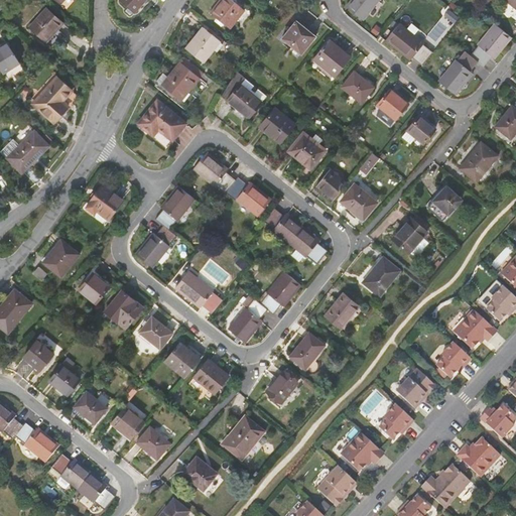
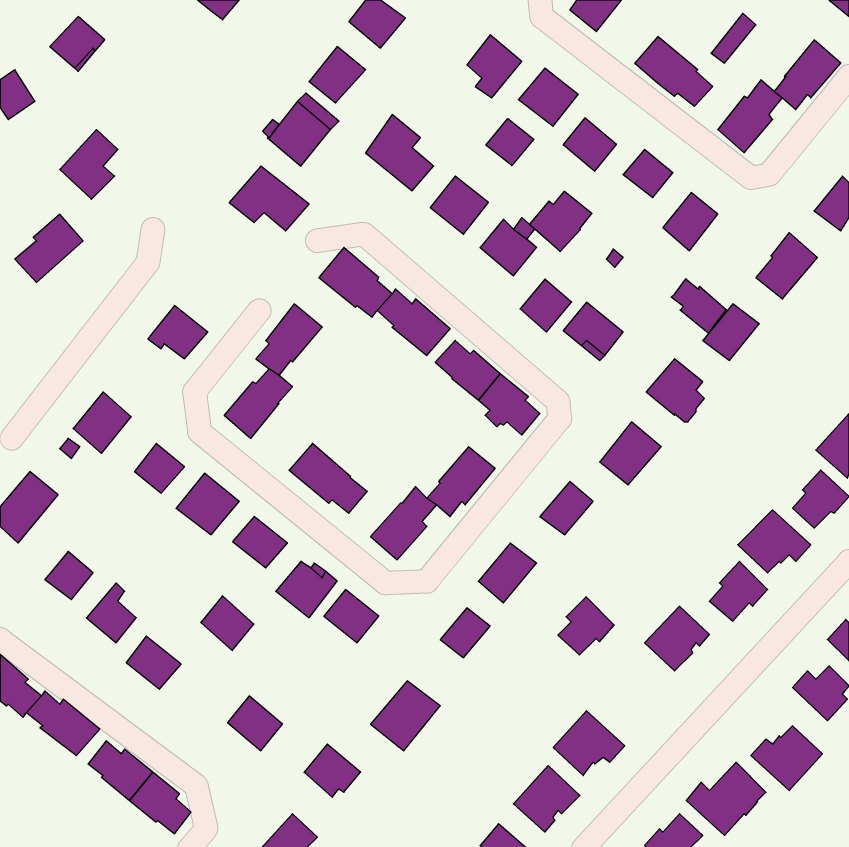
building: none -> [486,119,534,166]
building: none -> [530,191,592,252]
building: none -> [671,279,726,333]
building: [115,403,147,436] -> [201,596,254,651]
building: [374,404,408,439] -> [558,597,614,655]

